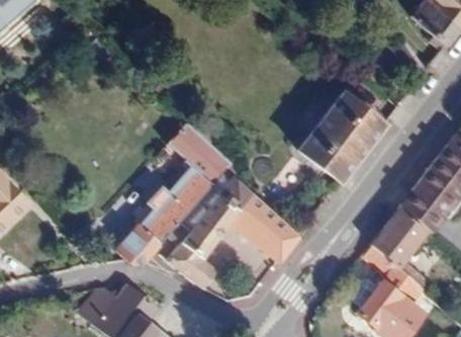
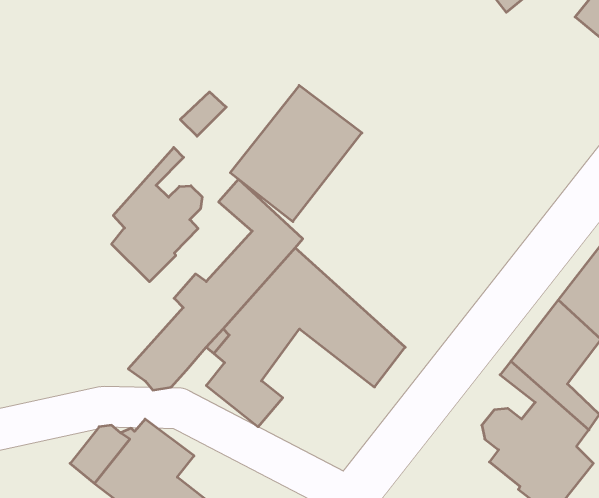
building: [297,93,384,183] -> [230,85,362,222]
building: none -> [112,147,202,282]

